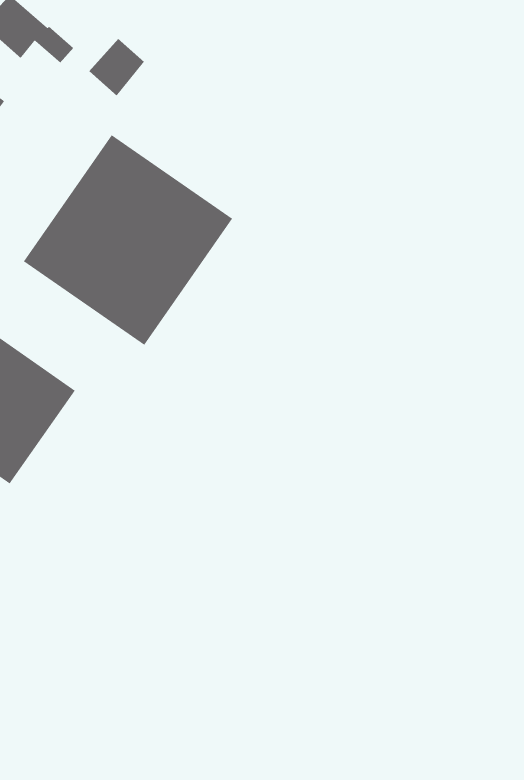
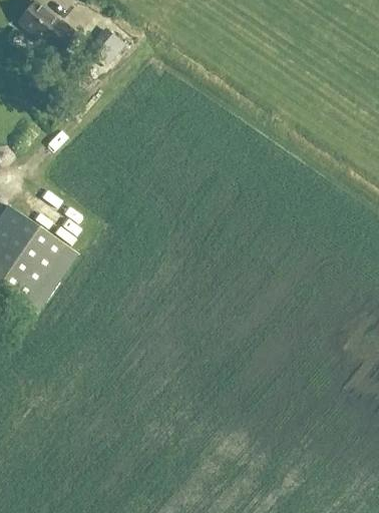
building: [23,134,233,346] -> none

